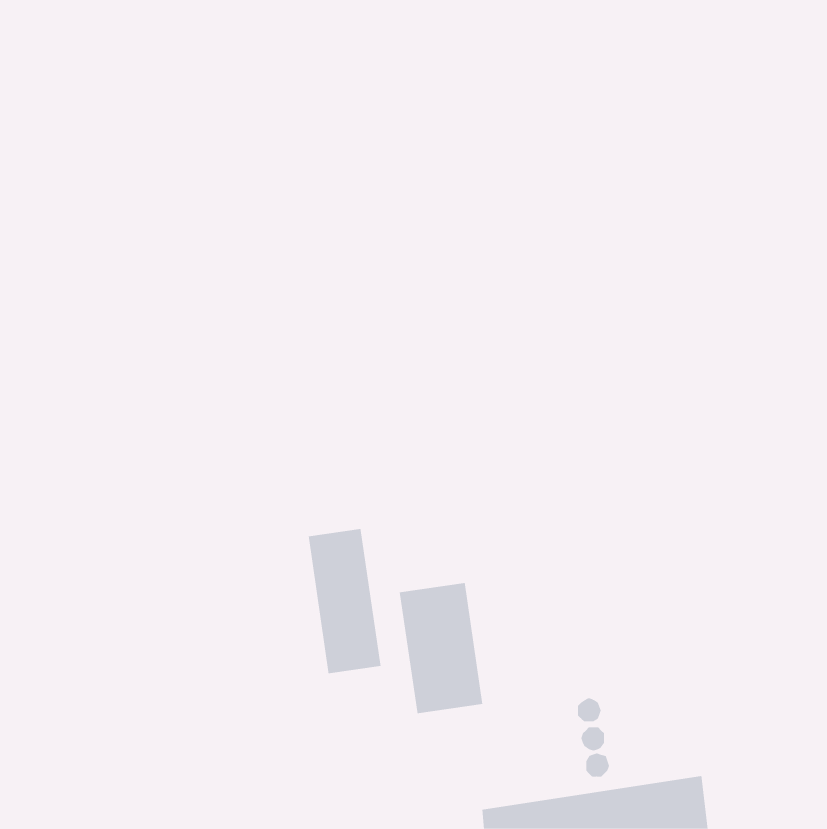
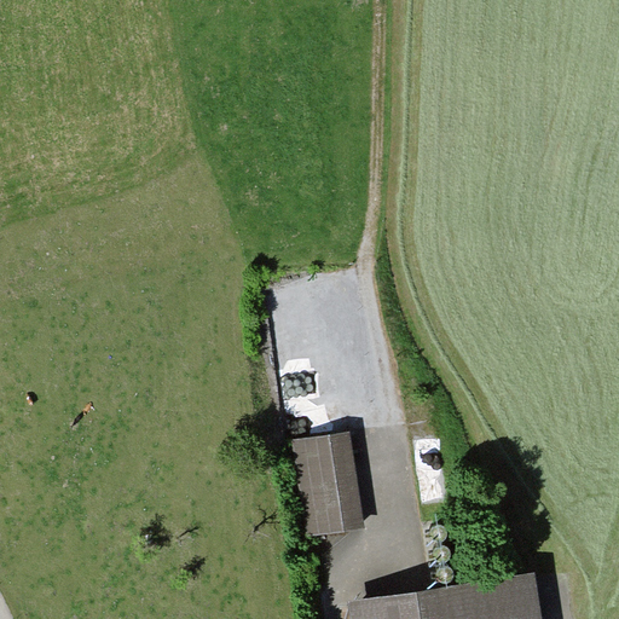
building: [308,528,381,674] -> none

